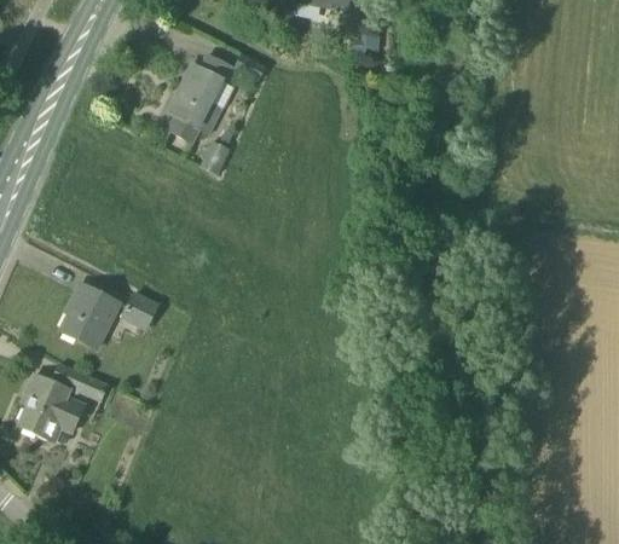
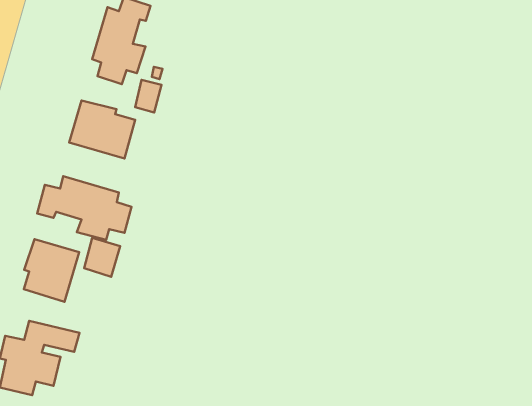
building: none -> [69,100,135,159]
building: none -> [37,176,131,240]

